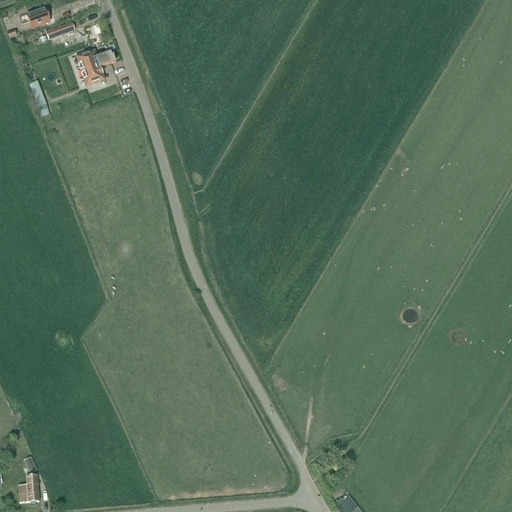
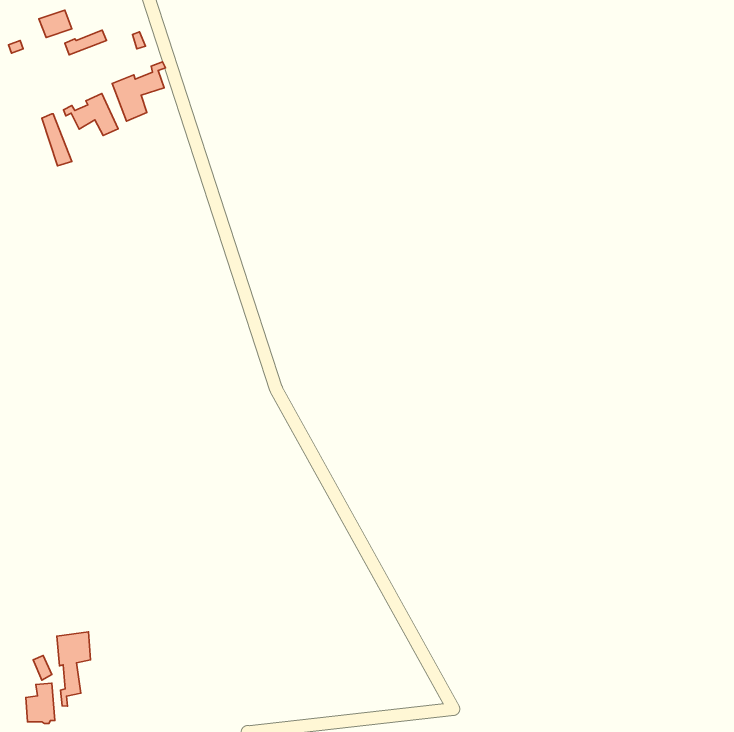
building: none -> [64,93,118,136]
building: none -> [57,632,91,706]

